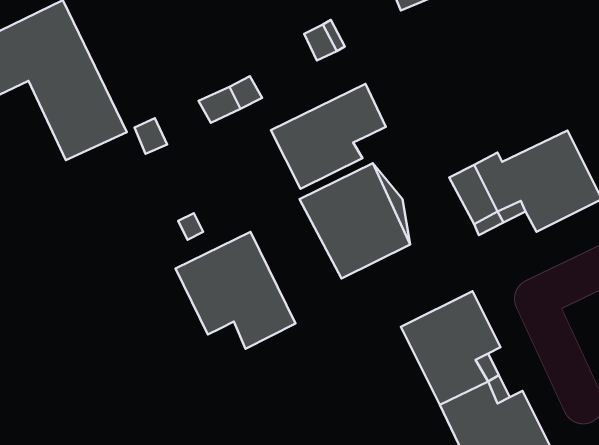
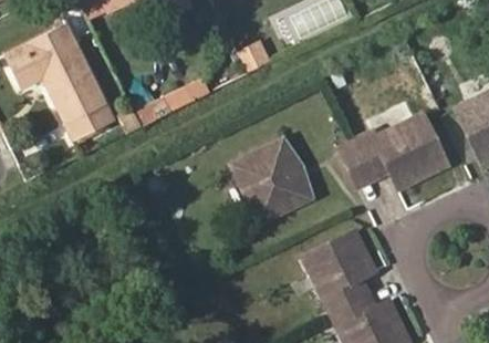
building: [271,84,386,189] -> none
building: [176,232,295,349] -> none

